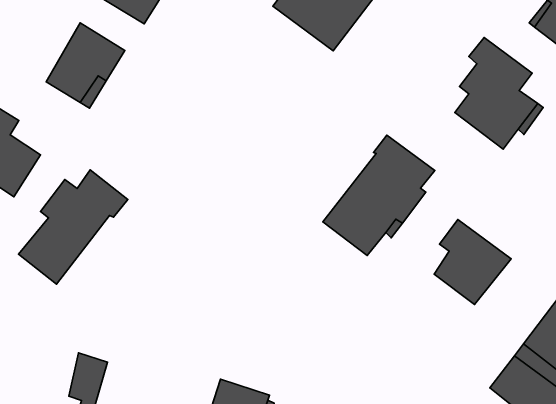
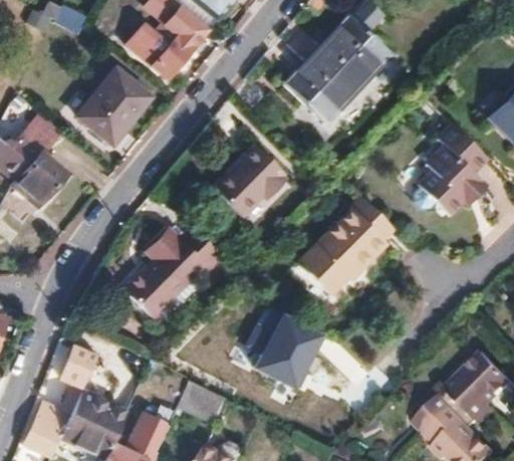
building: none -> [203,141,281,218]
building: [19,170,128,284] -> [117,227,215,318]
building: [434,219,511,305] -> none
building: none -> [256,311,331,392]

